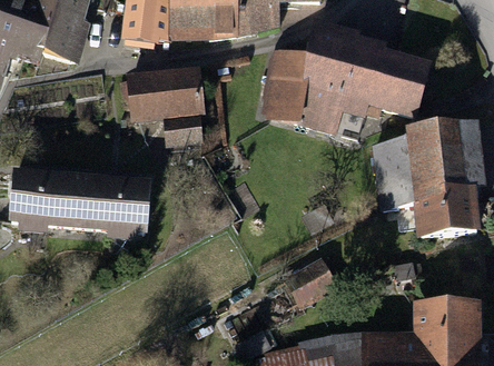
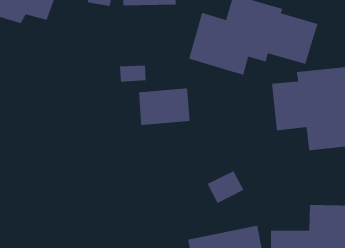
building: [127,70,197,121] -> [138,88,190,126]
building: [13,175,151,238] -> none

